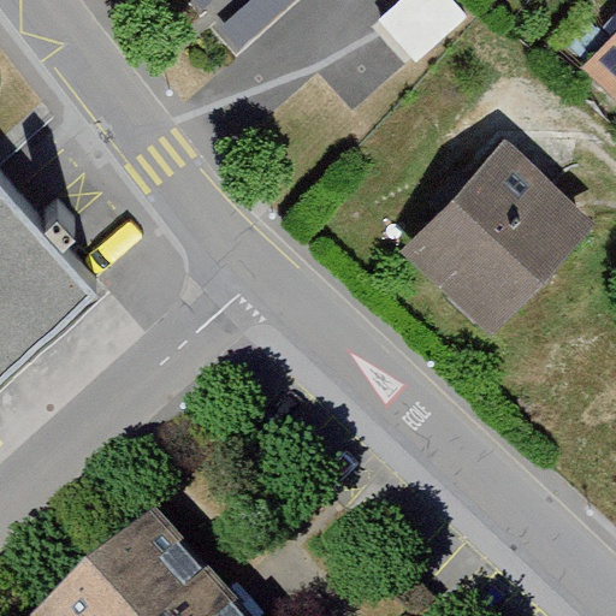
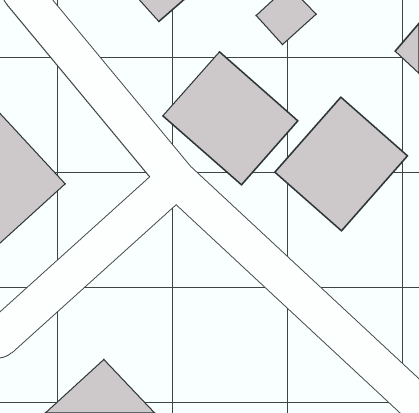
building: none -> [163,52,298,185]

